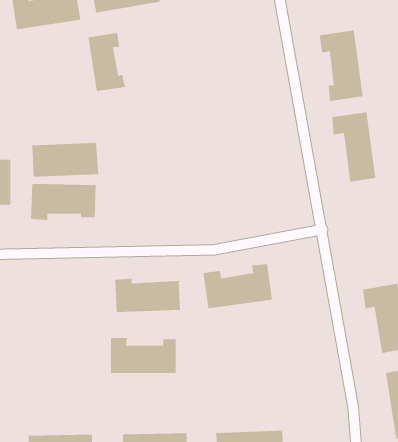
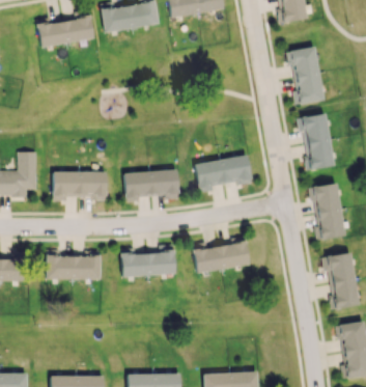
building: [88,32,125,92] -> none
building: [32,143,99,177] -> [124,170,179,198]
building: none -> [196,157,251,192]
building: none -> [314,183,345,240]
building: [110,338,176,373] -> [47,250,101,279]

